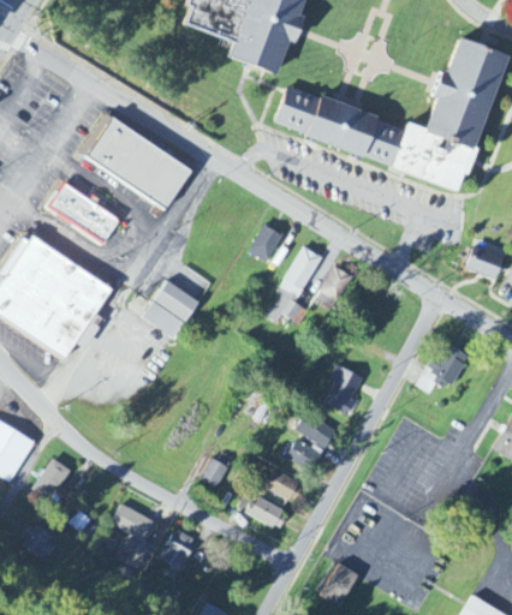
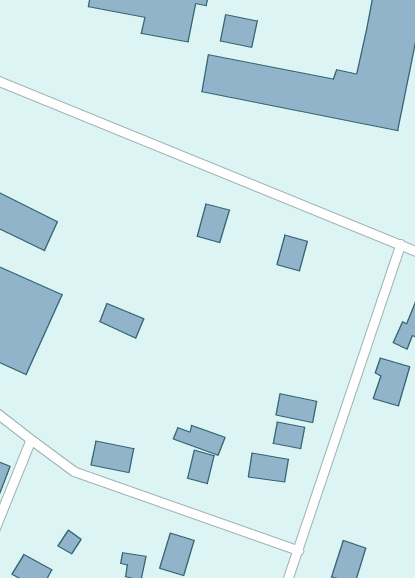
building: none -> [220,15,257,47]
building: [82,114,191,209] -> none
building: [269,249,322,327] -> none
building: [154,283,198,324] -> none
building: [323,368,363,416] -> [373,358,410,406]
building: [32,461,70,503] -> none
building: [239,500,288,532] -> [173,425,225,455]
building: [111,507,154,542] -> [91,441,134,472]

